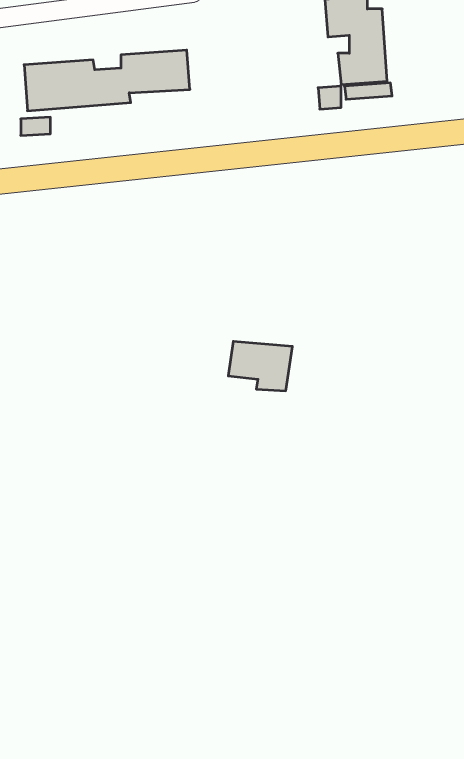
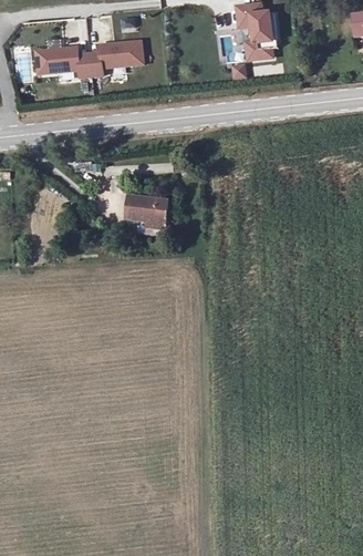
building: [228,341,292,391] -> [126,194,169,227]

